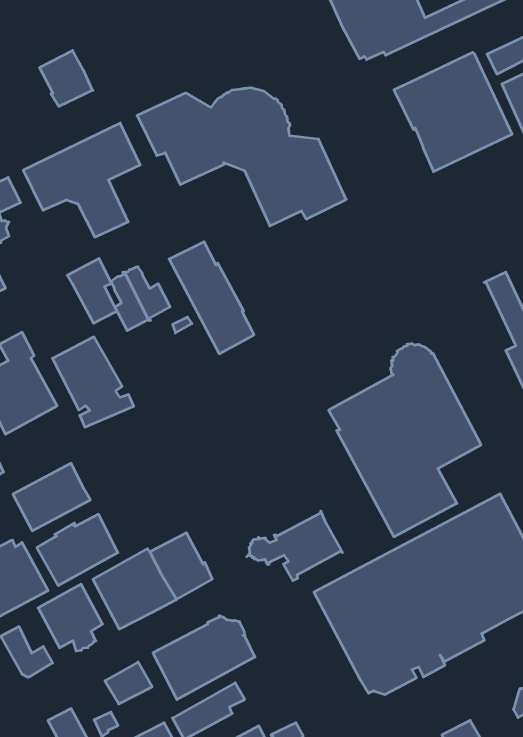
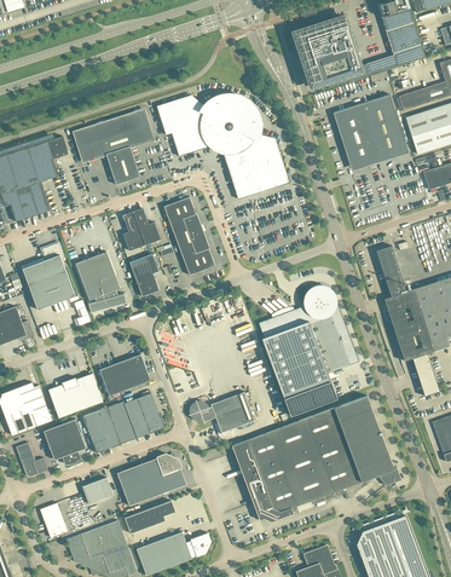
building: [40,50,93,106] -> none
building: [67,258,117,323] -> [128,253,158,296]
building: [13,463,90,531] -> [98,353,150,396]

